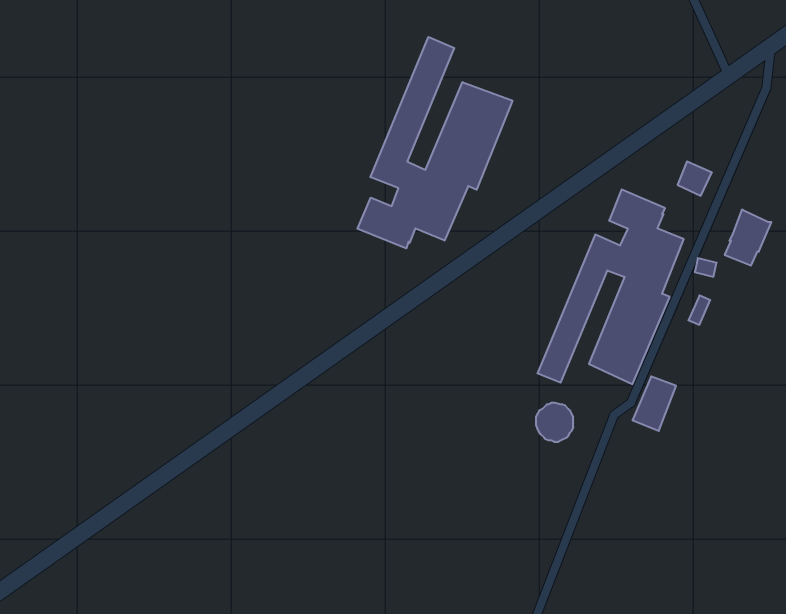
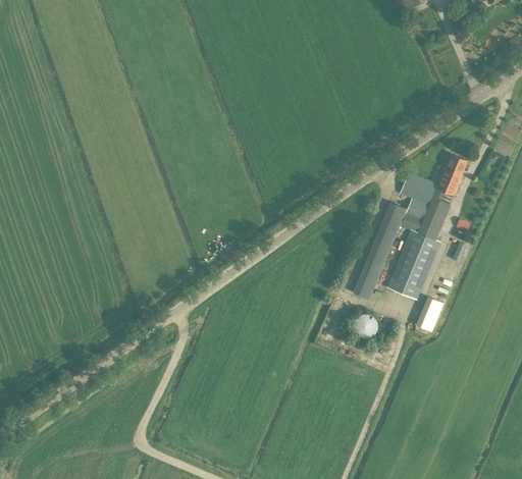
building: [357,37,512,248] -> none
building: [725,210,771,266] -> [431,168,462,205]

